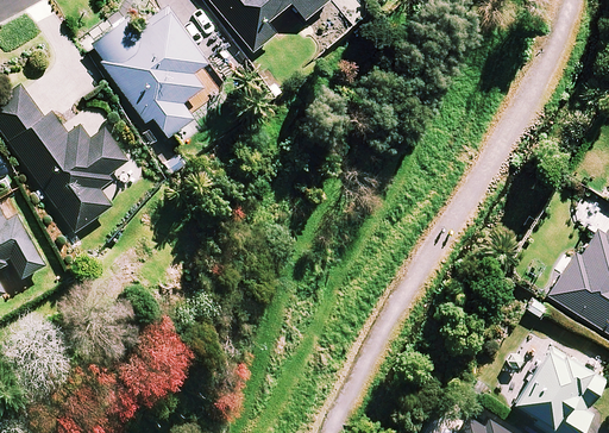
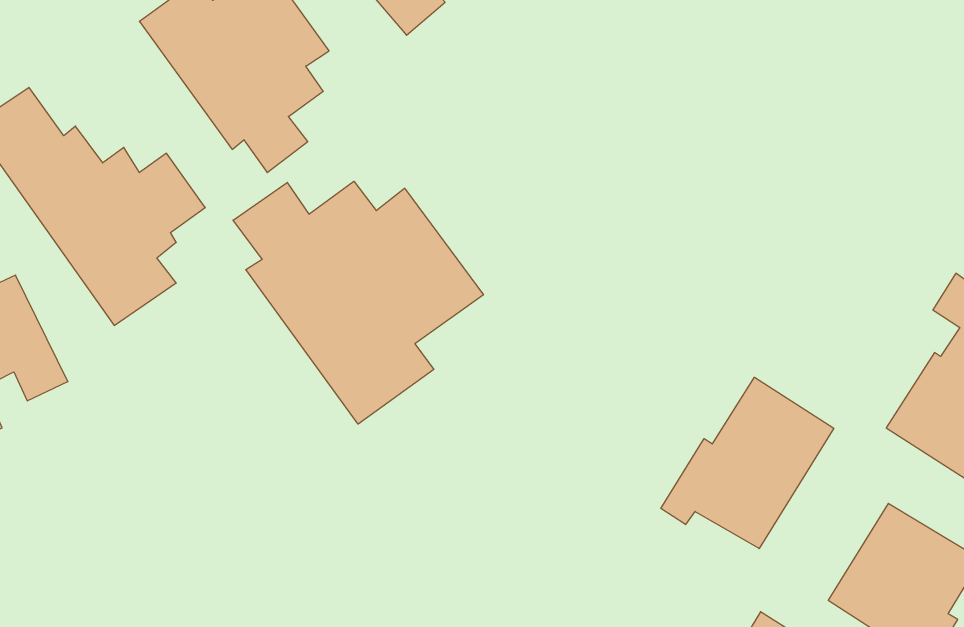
building: none -> [233,181,483,424]
building: none -> [661,377,834,549]

